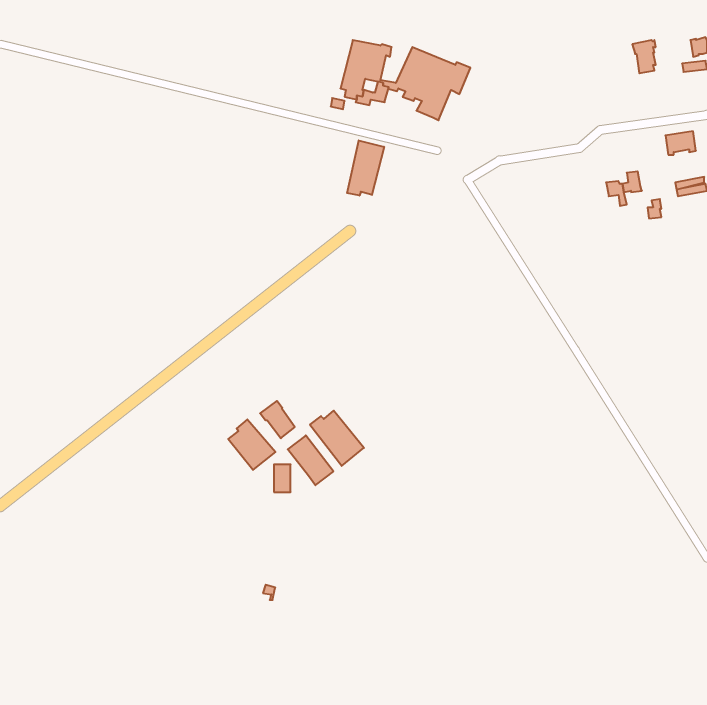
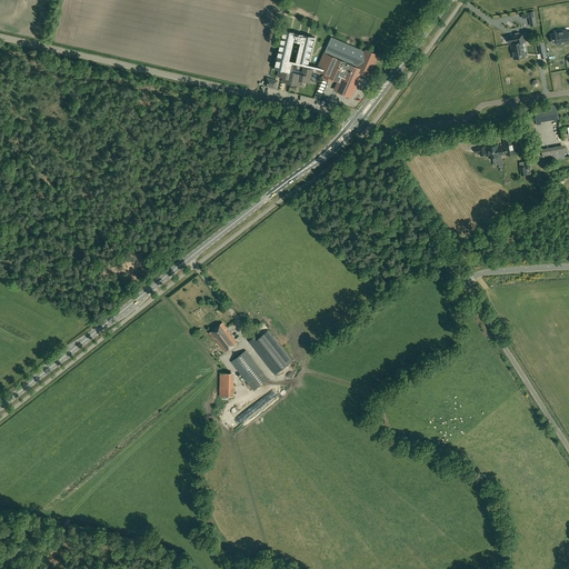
building: [347,140,384,196] -> none
building: [228,419,275,470] -> none

